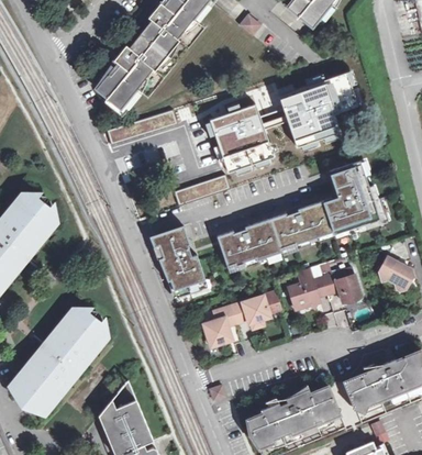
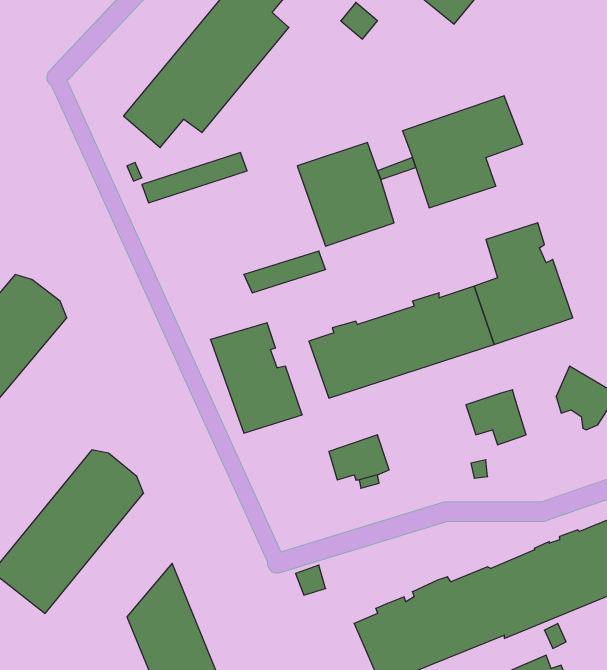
building: [286,268,325,310] -> none
building: [201,307,235,349] -> none

